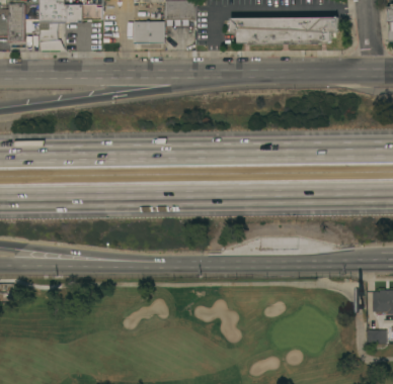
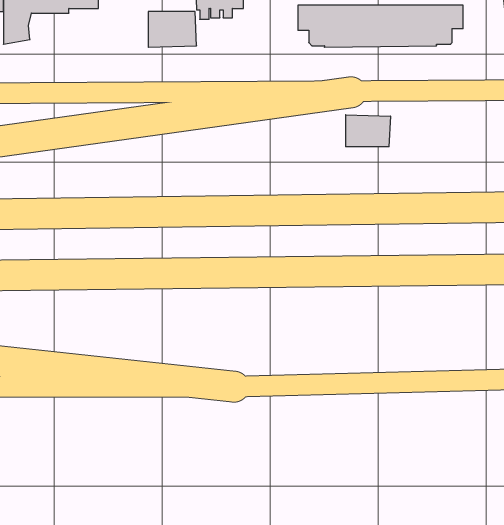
building: none -> [346,115,390,147]

